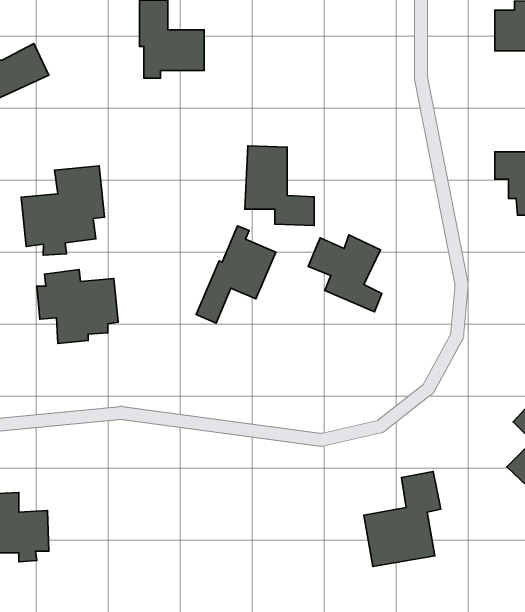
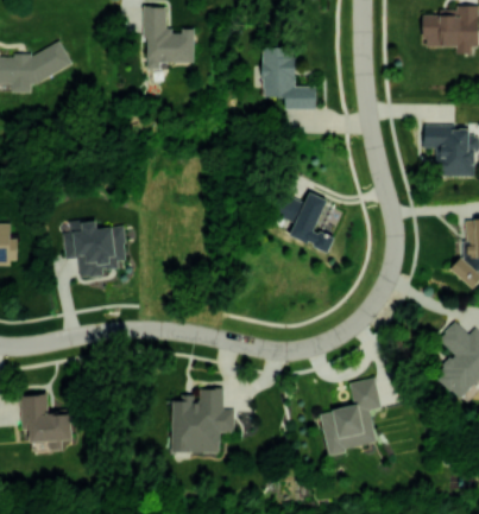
building: [245,146,314,226] -> [260,47,315,110]
building: [21,166,105,255] -> none
building: [196,226,276,323] -> none
building: none -> [170,389,234,453]

